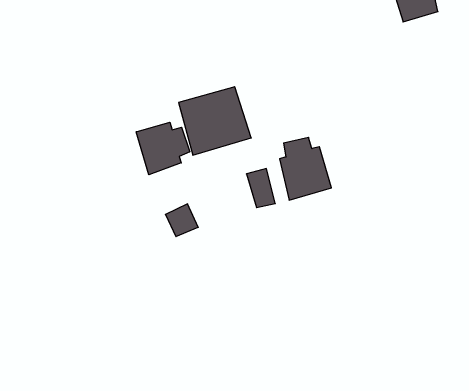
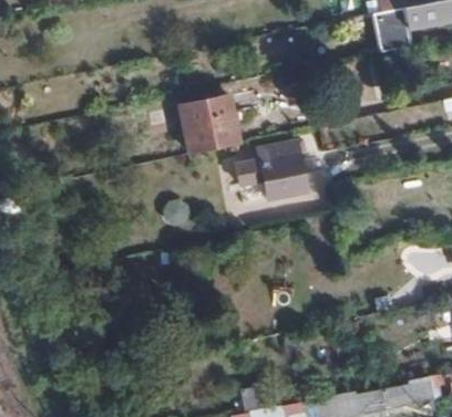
building: [136,122,190,175] -> none

